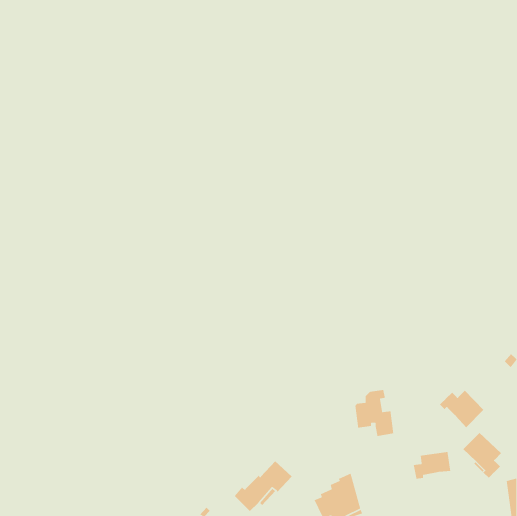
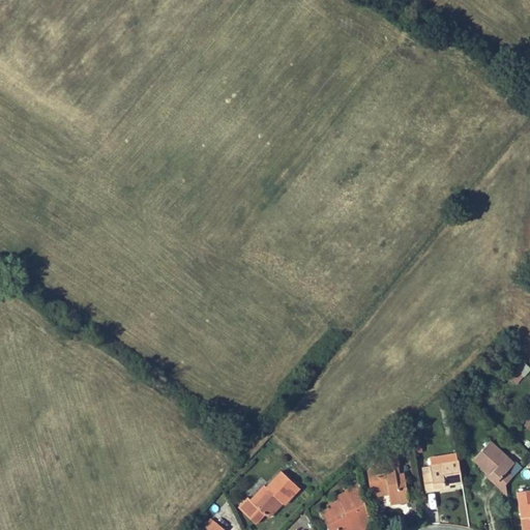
building: [355,389,394,437] -> [367,455,408,504]
building: [439,390,484,428] -> none

